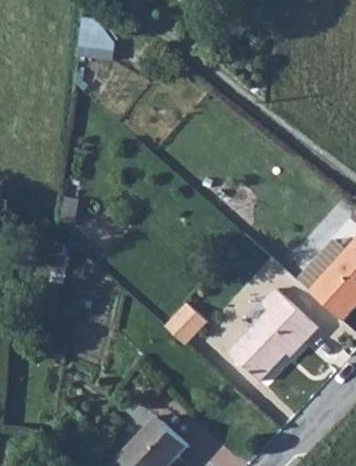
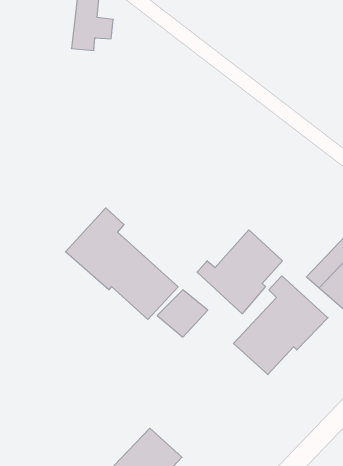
building: none -> [65,208,178,319]
building: none -> [197,230,282,314]

